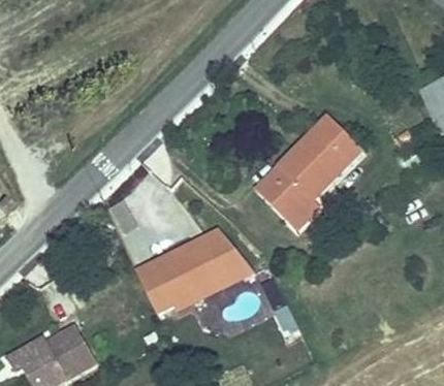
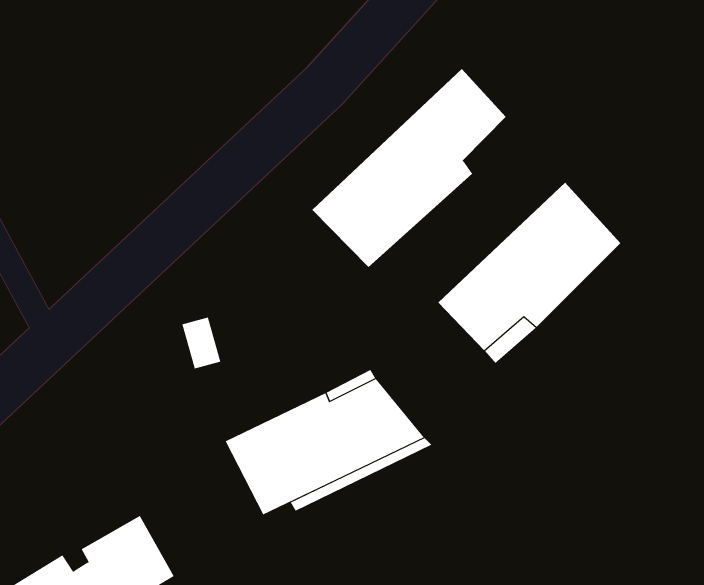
building: none -> [312,68,507,268]

